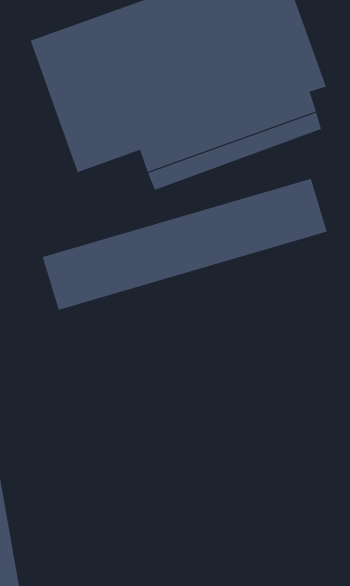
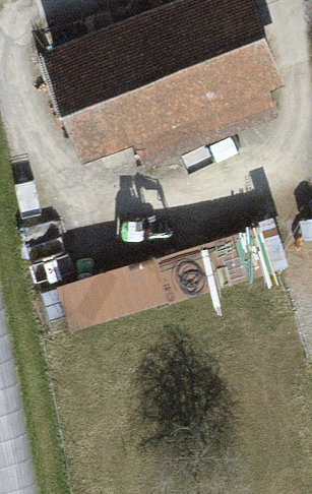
building: [42,178,328,311] -> [52,225,285,332]

